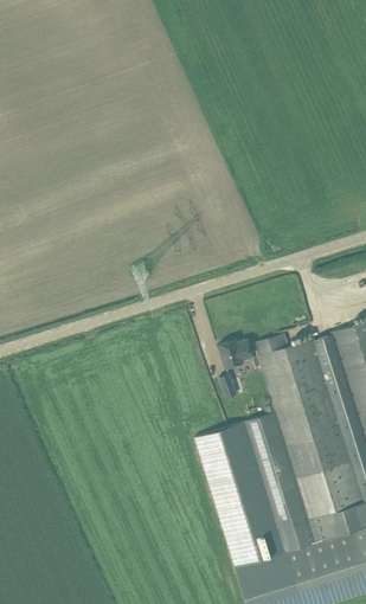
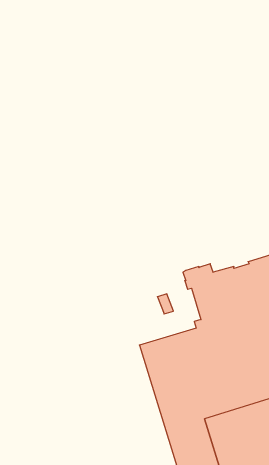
building: [218,339,253,368] -> none

